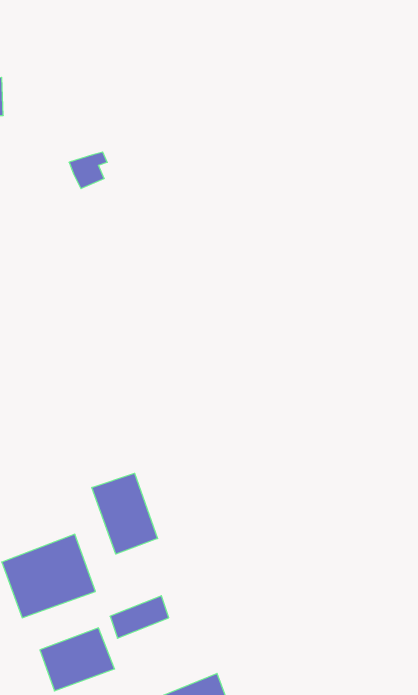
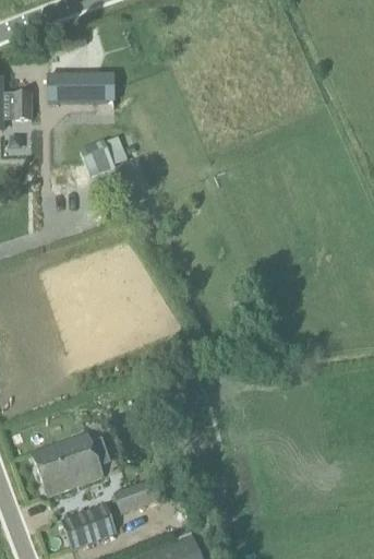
building: none -> [48,73,116,103]
building: [92,473,158,554] -> none

